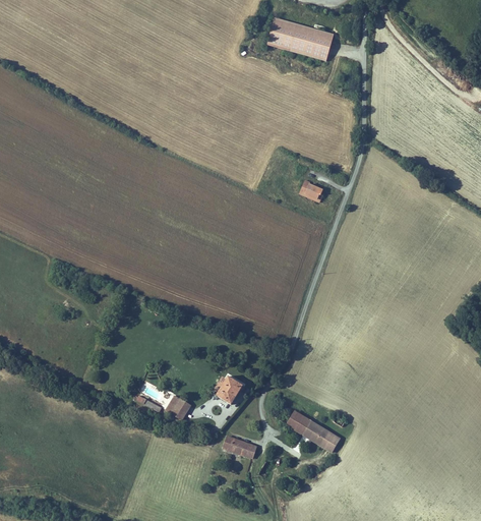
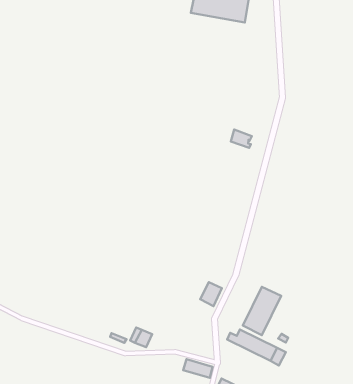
building: none -> [243,287,281,335]
building: [216,375,241,403] -> [200,282,222,306]

